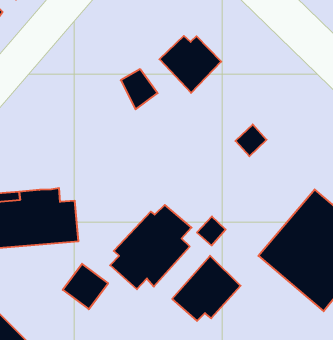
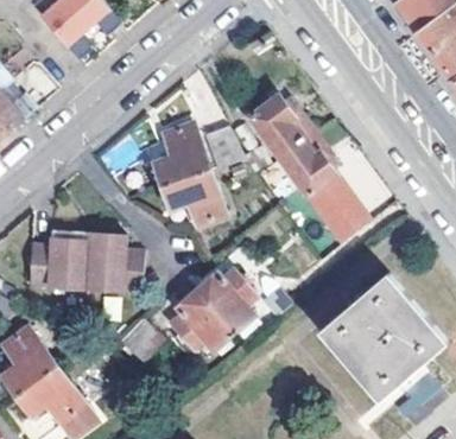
building: none -> [277,131,337,199]
building: none -> [151,126,227,230]
building: [172,256,241,321] -> none

